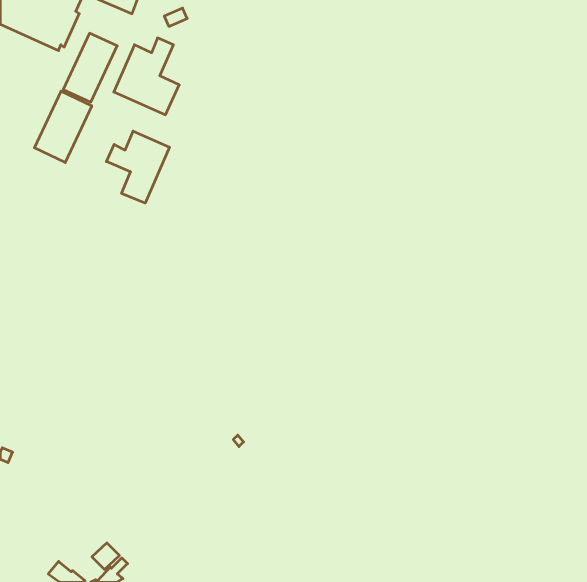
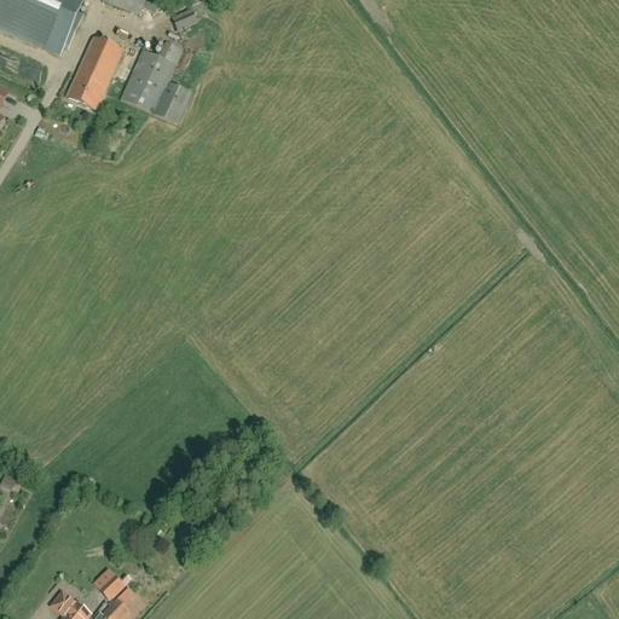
building: [34,91,92,163] -> none
building: [106,131,169,203] -> none

